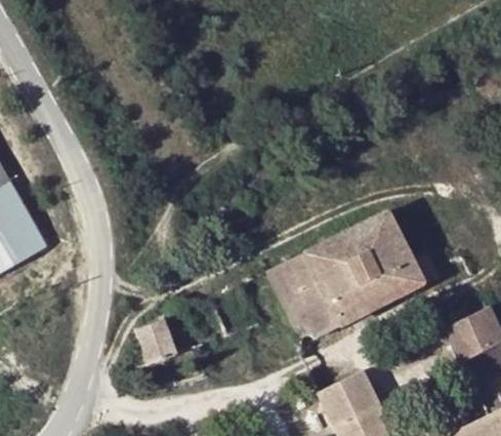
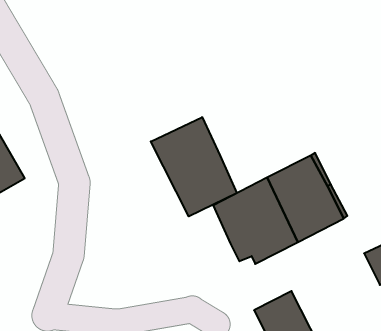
building: none -> [151,117,237,216]
building: [133,315,176,366] -> none

